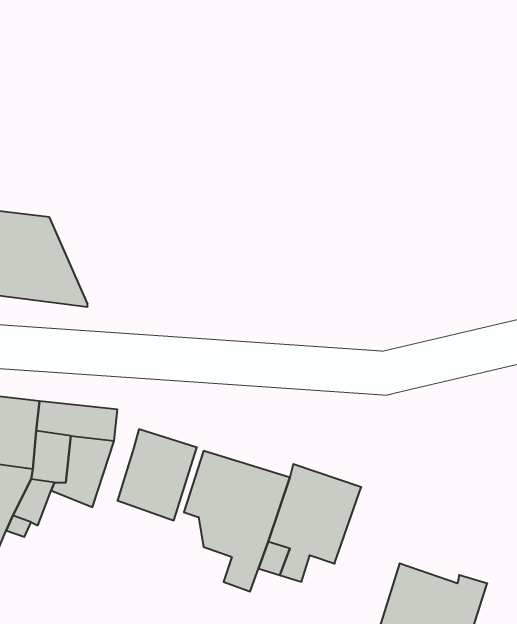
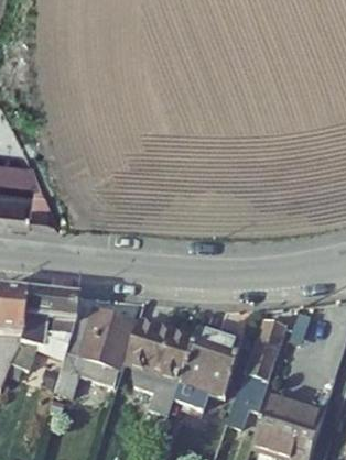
building: none -> [53,315,117,395]
building: none -> [226,319,285,426]

